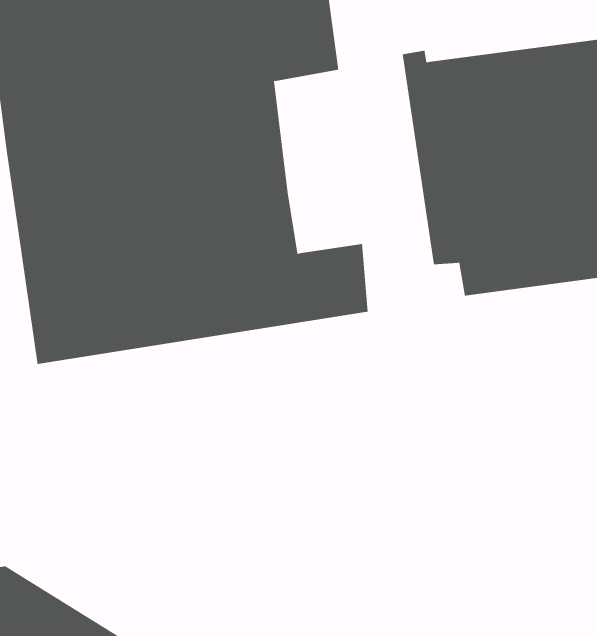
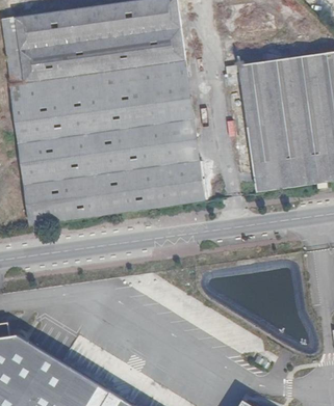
building: none -> [157,71,204,168]

